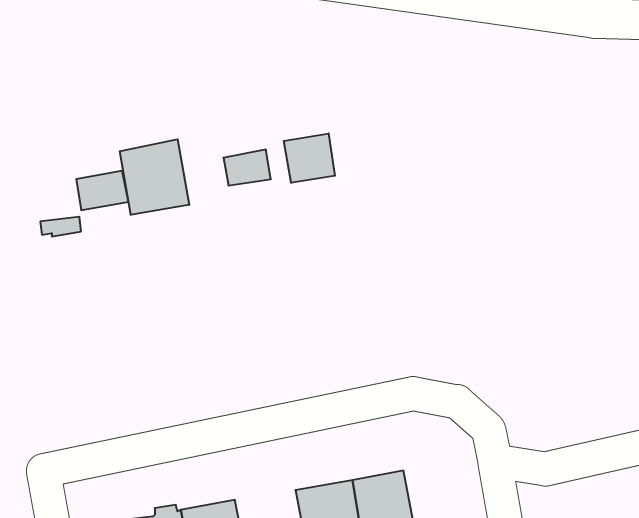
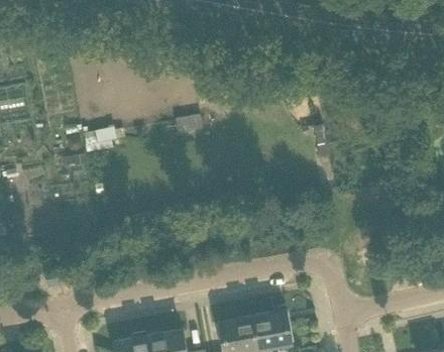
building: [284,133,335,183] -> none
building: [120,139,189,215] -> none

